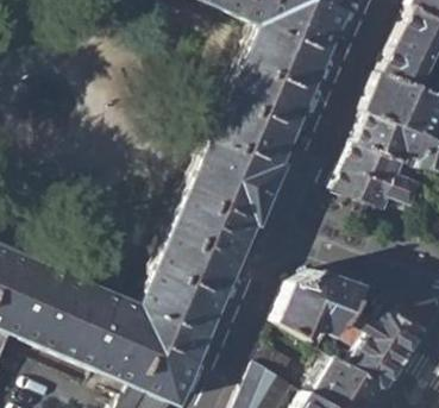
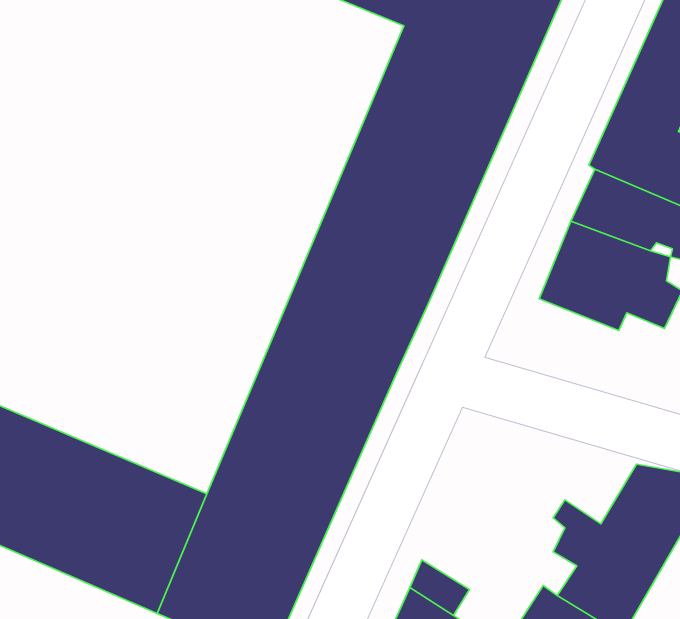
building: [276,269,362,339] -> none

